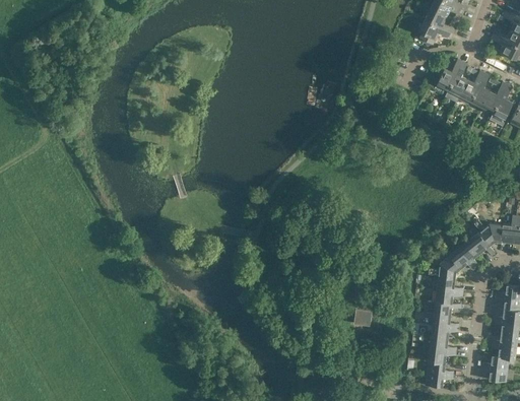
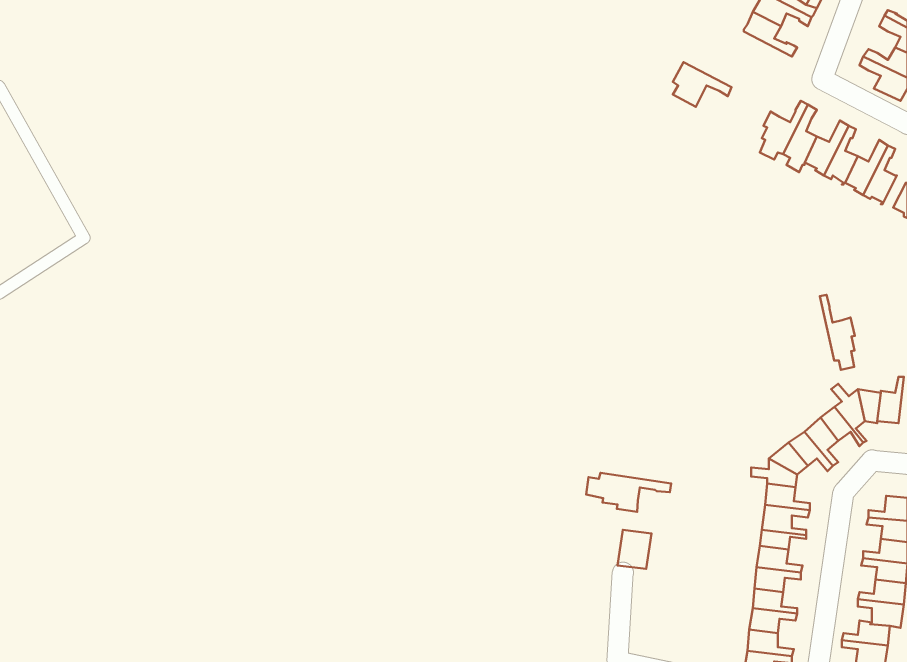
building: [419,20,453,46] -> [673,62,732,107]
building: none -> [820,295,855,370]
building: none -> [586,473,671,512]

